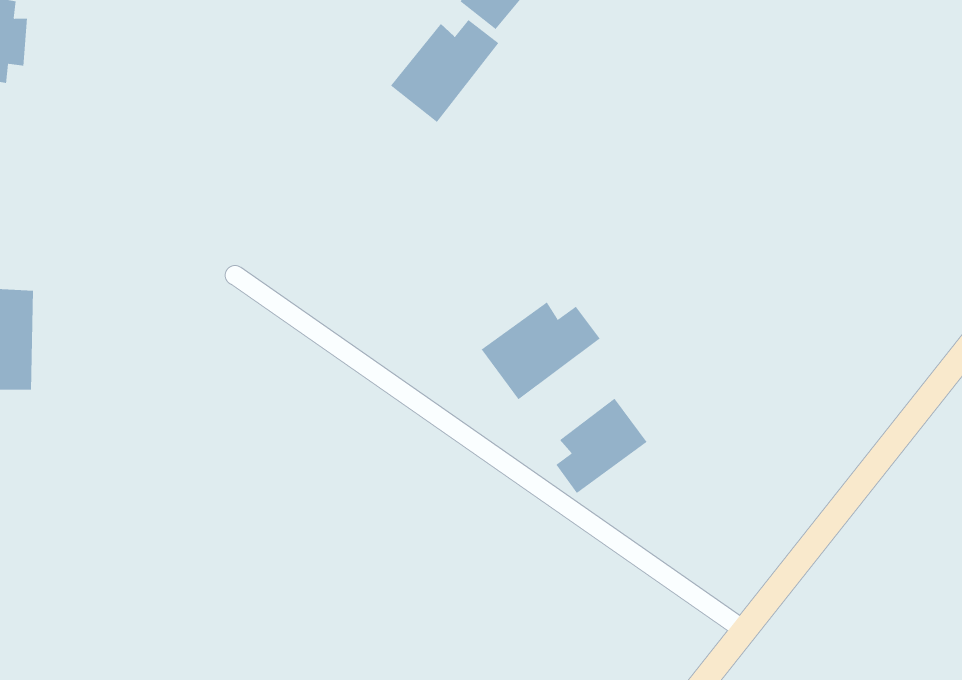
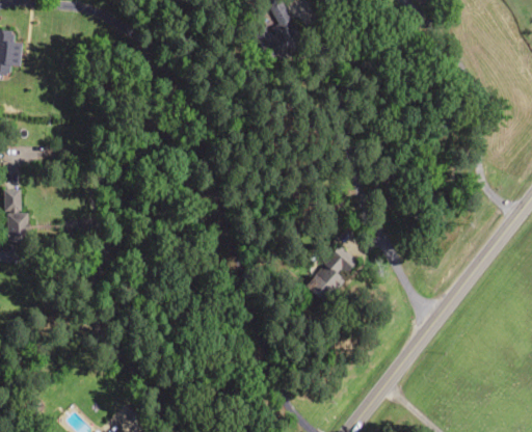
building: [390,19,499,123] -> none
building: [481,302,601,400] -> none

